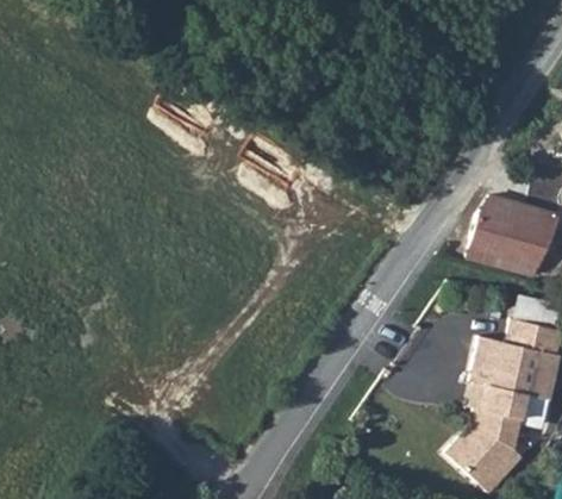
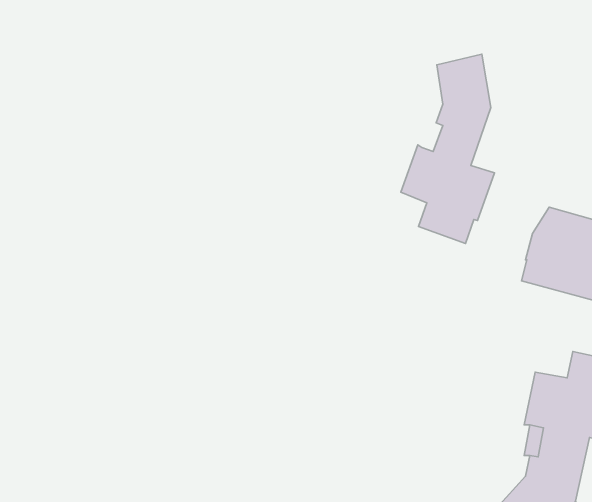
building: none -> [401,54,494,243]

